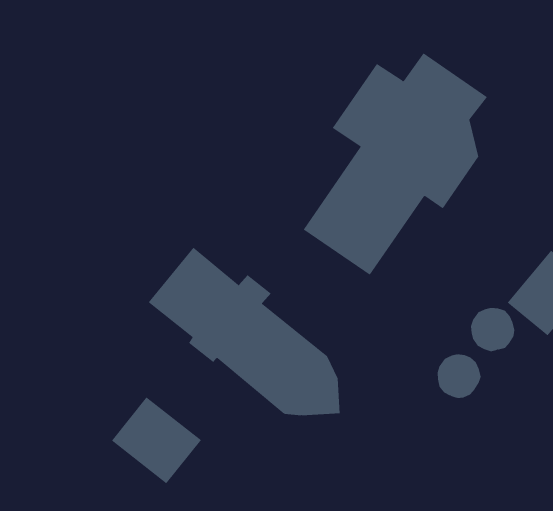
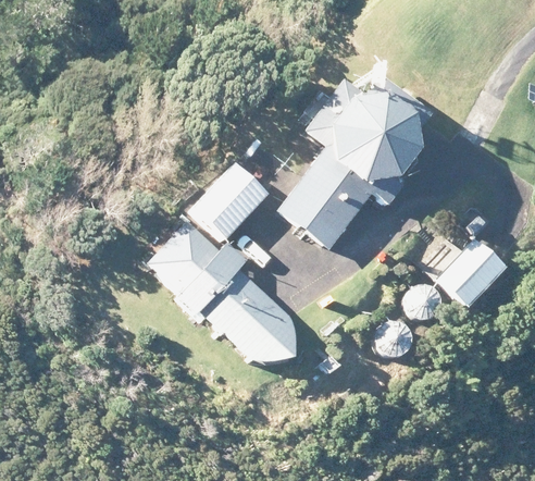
building: none -> [191,161,266,237]
building: [111,396,202,484] -> none

